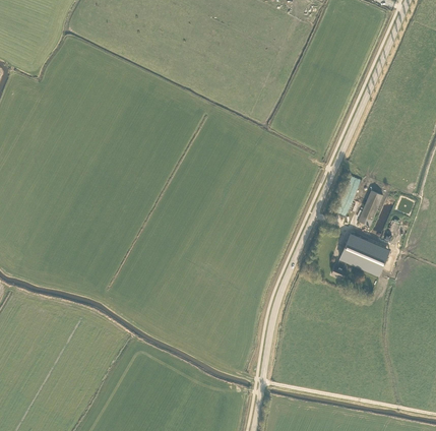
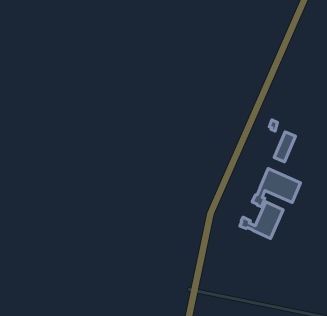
building: none -> [240,202,283,239]

